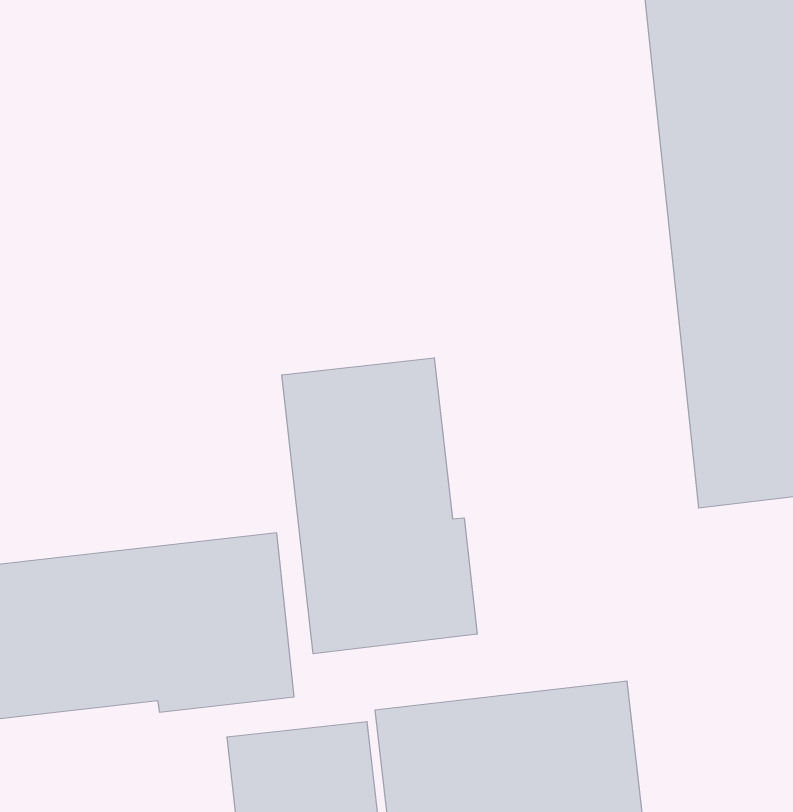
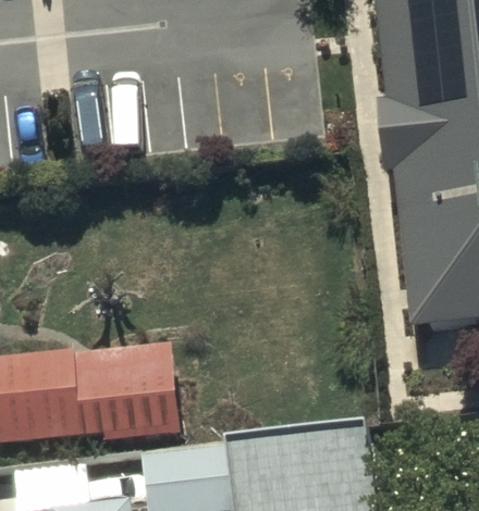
building: [282,358,477,654] -> none

